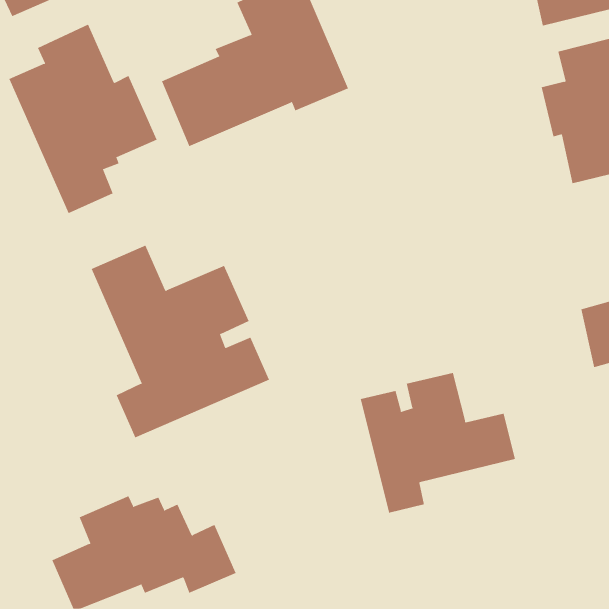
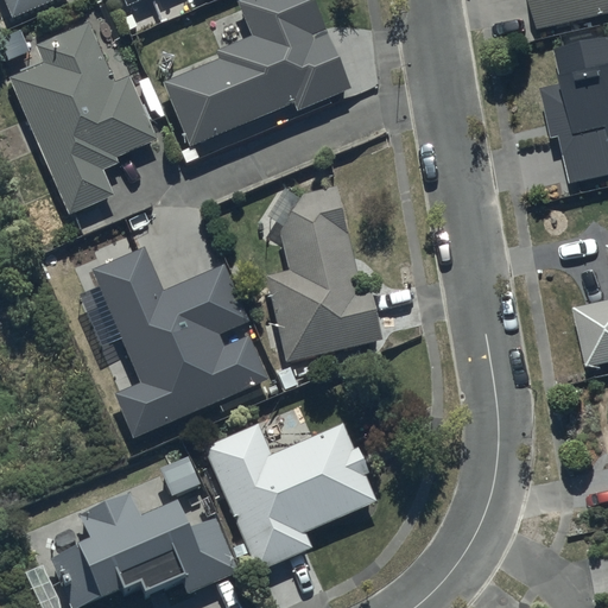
building: none -> [264,188,382,362]
building: [360,372,515,513] -> none
building: none -> [202,424,374,570]

